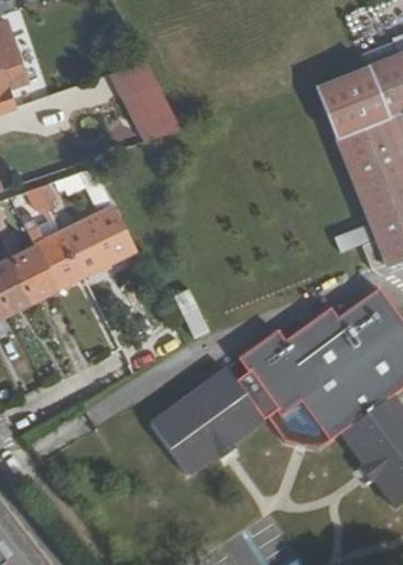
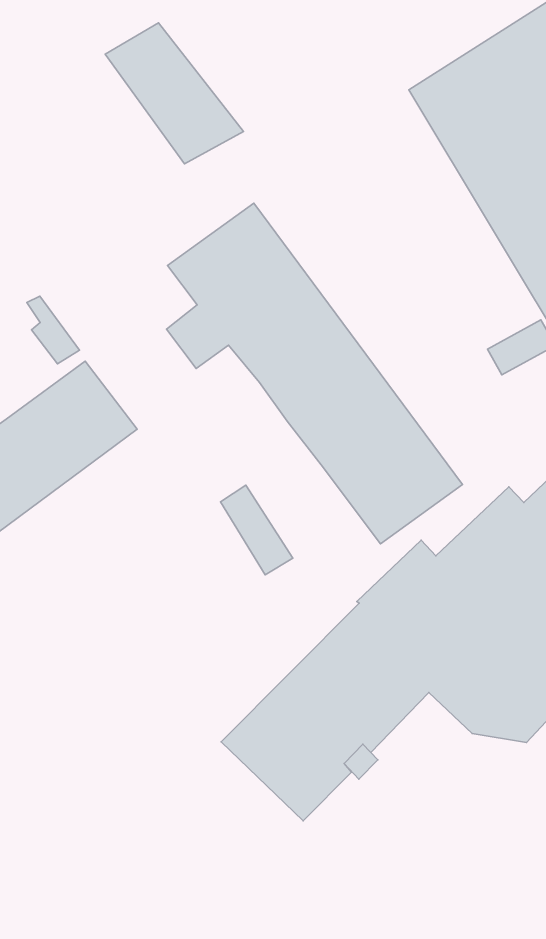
building: [113,58,181,138] -> [105,23,244,164]
building: none -> [166,203,462,544]

